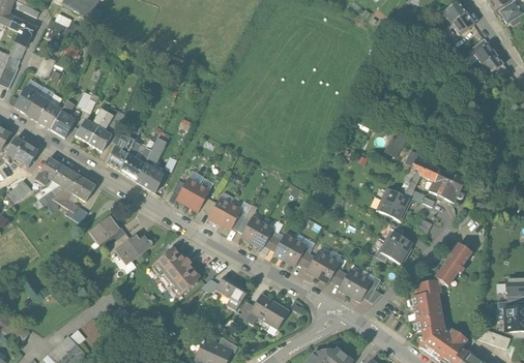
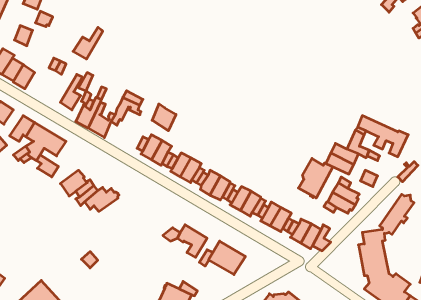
building: [51,100,75,138] -> none
building: [75,109,107,143] -> [73,27,103,59]
building: [382,126,408,156] -> none
building: [137,163,163,192] -> [152,104,176,131]
building: none -> [298,158,333,198]
building: [151,247,200,298] -> none

